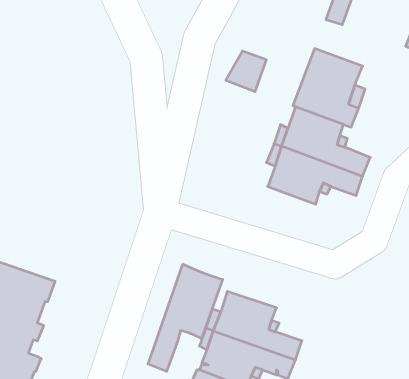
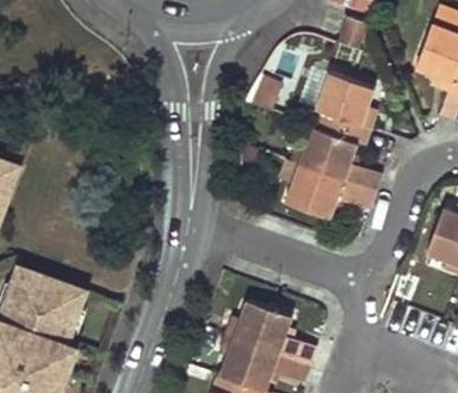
building: [148,264,223,371] -> none

